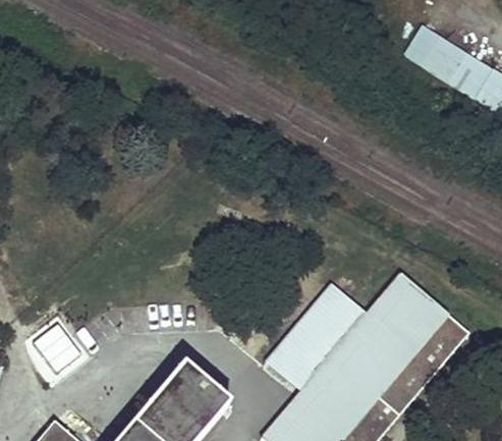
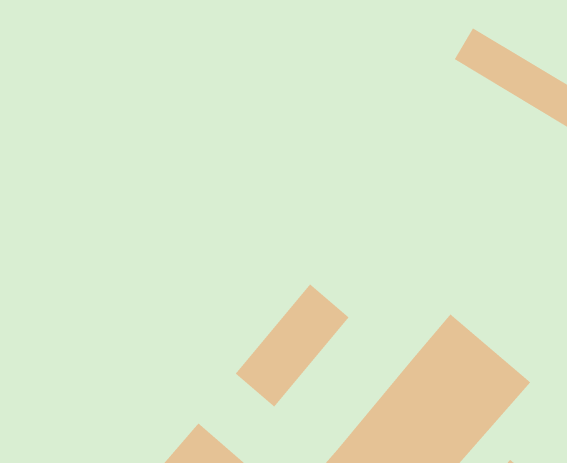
building: [266,284,366,392] -> [235,283,350,408]

